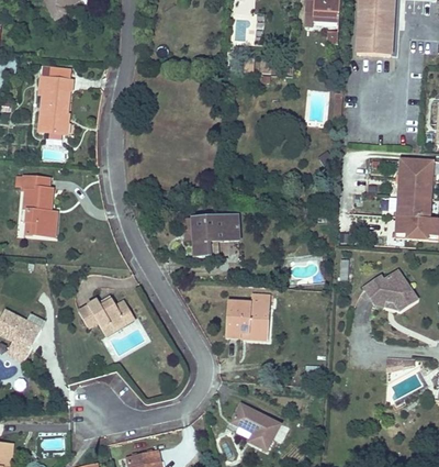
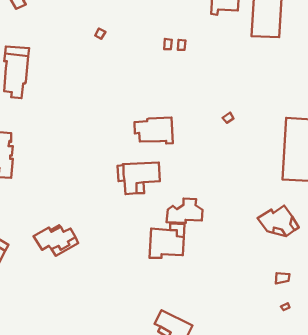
building: none -> [134,117,173,144]
building: none -> [166,198,202,223]

